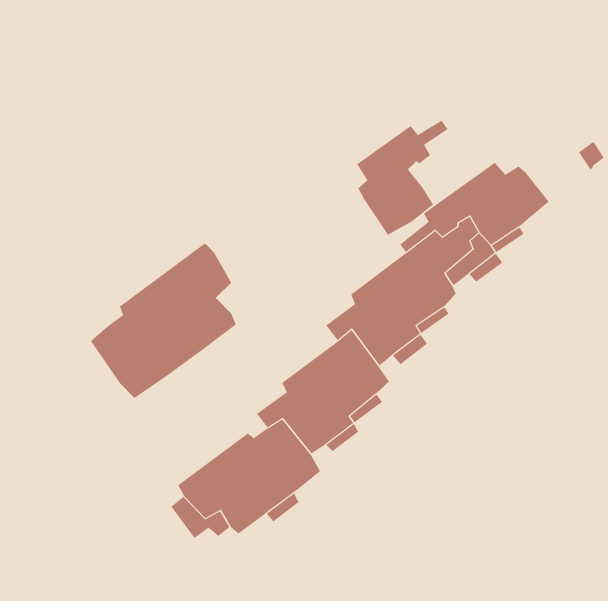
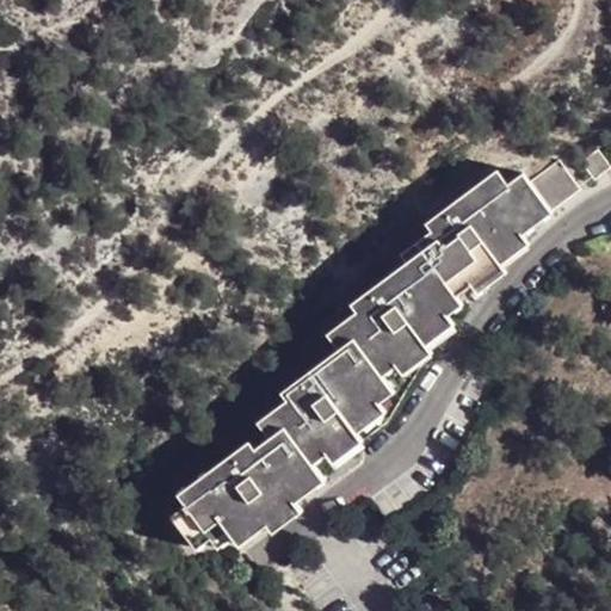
building: [357,120,448,235] -> none
building: none -> [529,160,579,210]
building: [90,243,237,399] -> none

